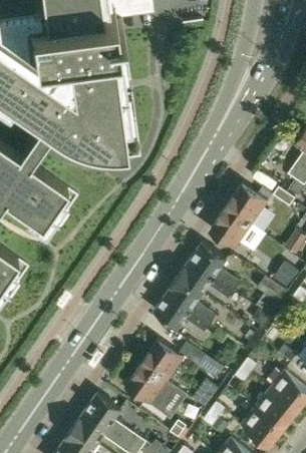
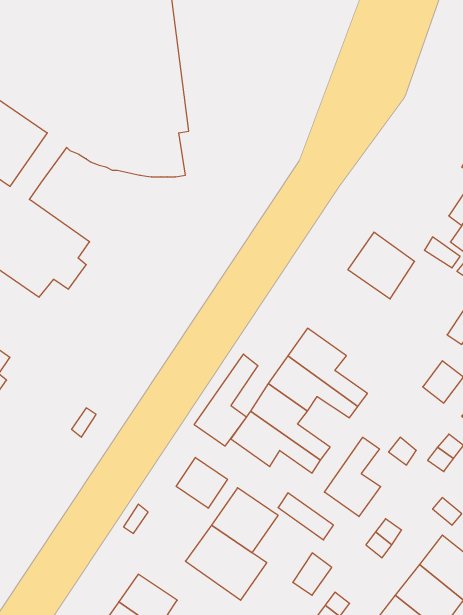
building: [209,211,251,253] -> none
building: none -> [194,354,258,446]
building: none -> [324,437,381,517]
building: none -> [176,457,227,508]

